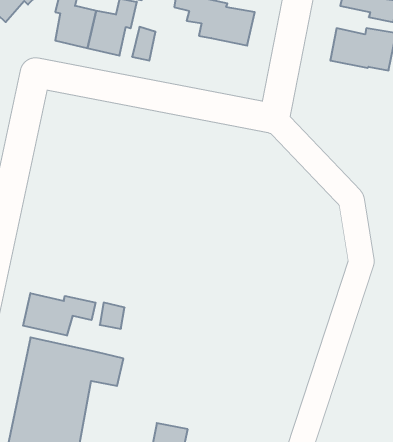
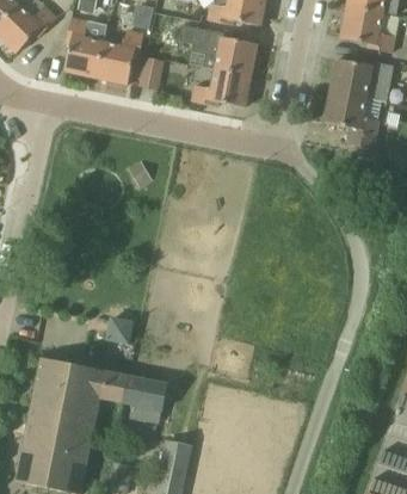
building: none -> [191,68,249,107]
building: none -> [323,89,381,149]
building: [23,293,96,336] -> none
building: none -> [124,376,167,424]

